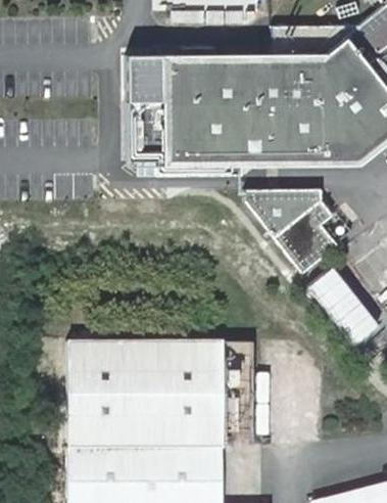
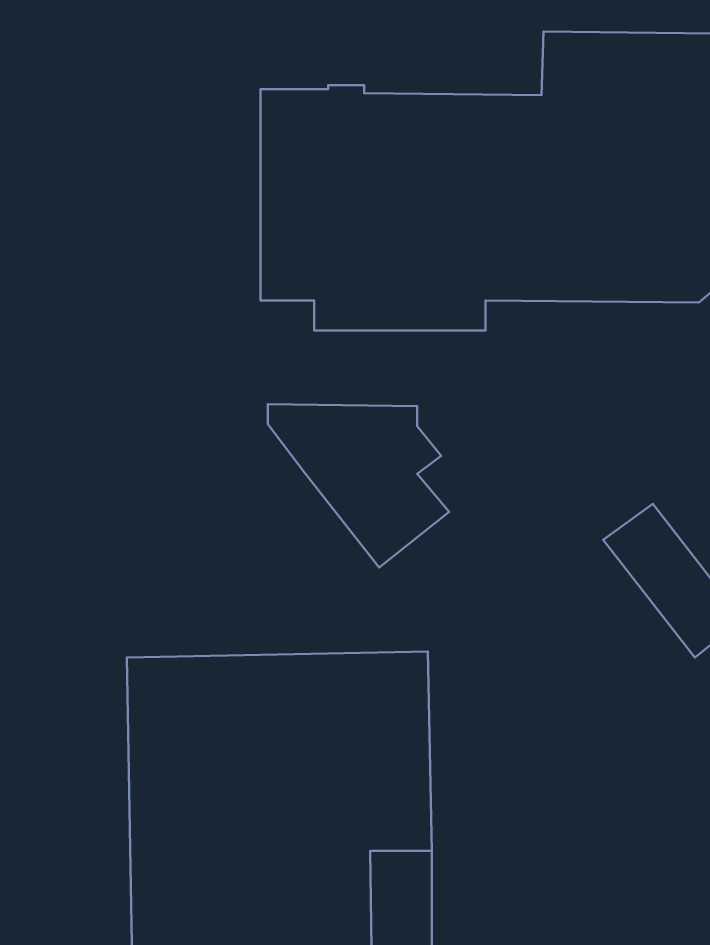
building: [249,191,342,275] -> [268,404,449,568]

